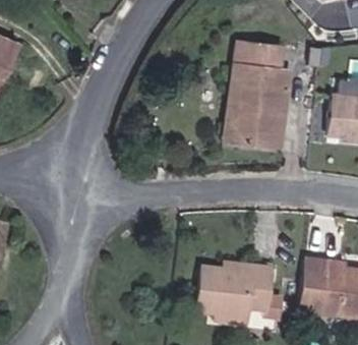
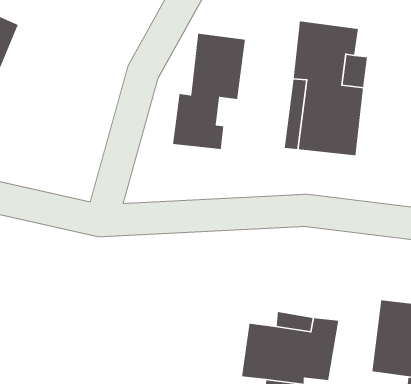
building: none -> [172,33,246,150]

